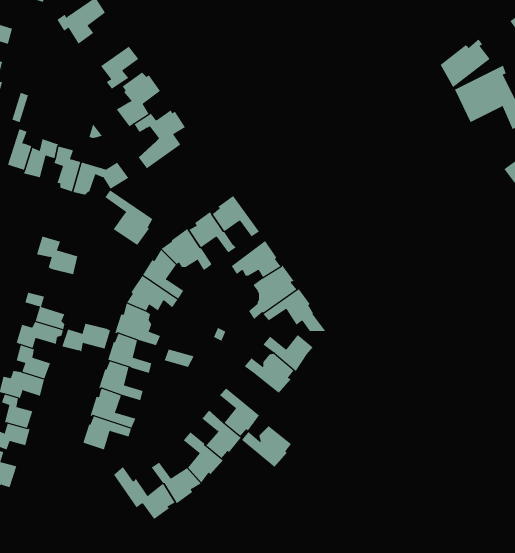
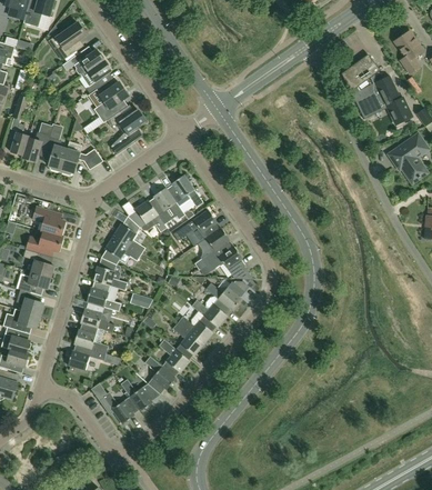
building: none -> [70,49,103,76]
building: [105,189,154,246] -> none
building: [62,323,111,352] -> [26,231,63,253]
building: [241,425,292,467] -> [178,311,217,343]

